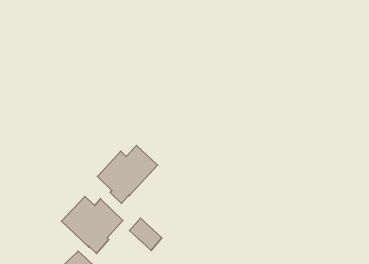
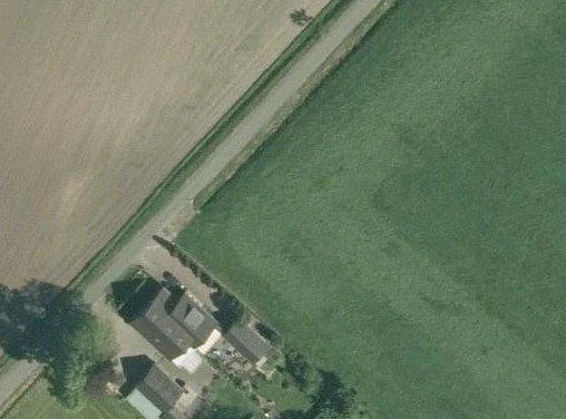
building: [98,146,157,204] -> none

